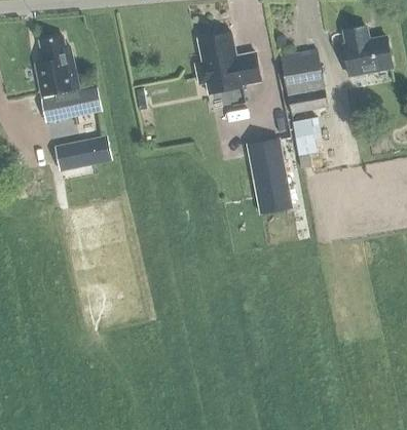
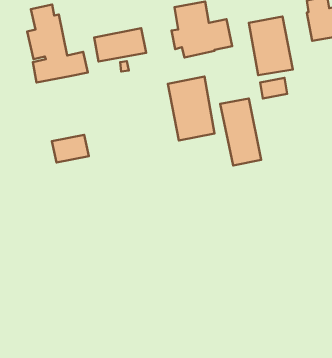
building: none -> [94,28,146,61]
building: none -> [168,76,215,140]
building: [54,140,96,170] -> [52,135,89,163]

